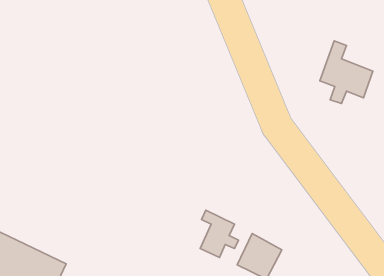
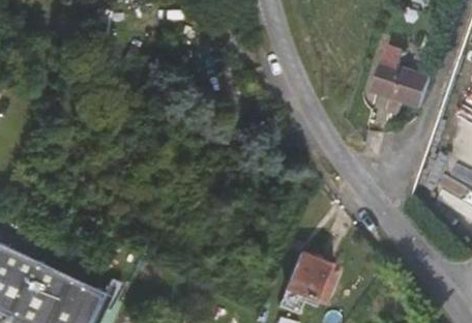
building: [200,210,239,258] -> none

